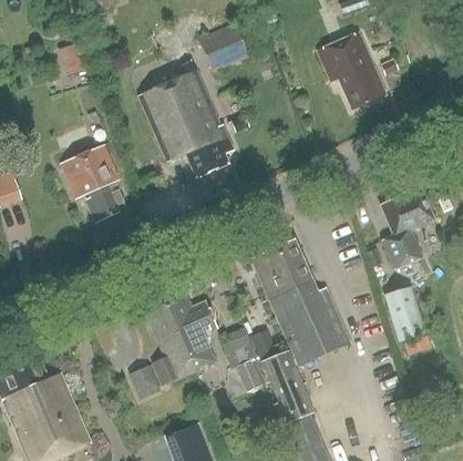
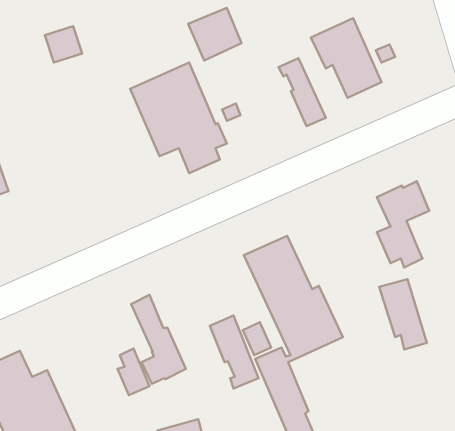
building: none -> [279,58,326,126]
building: [61,146,125,227] -> none
building: [158,290,216,372] -> none

